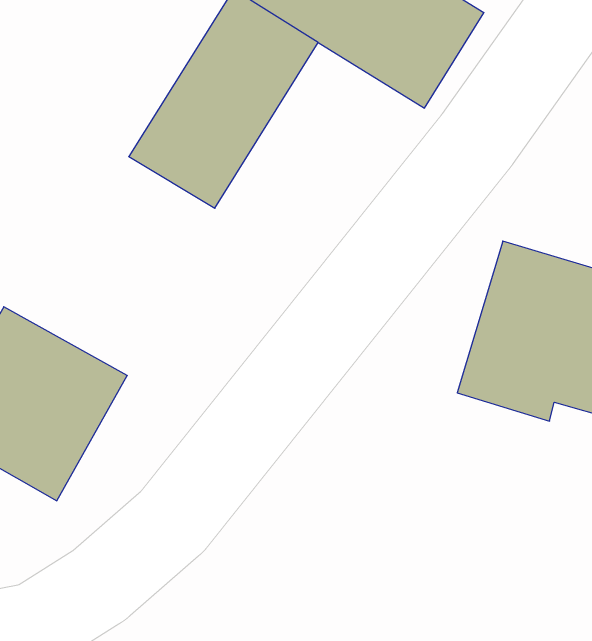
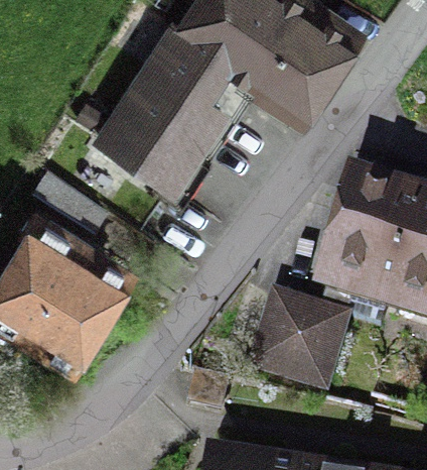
building: none -> [253,297,342,385]

